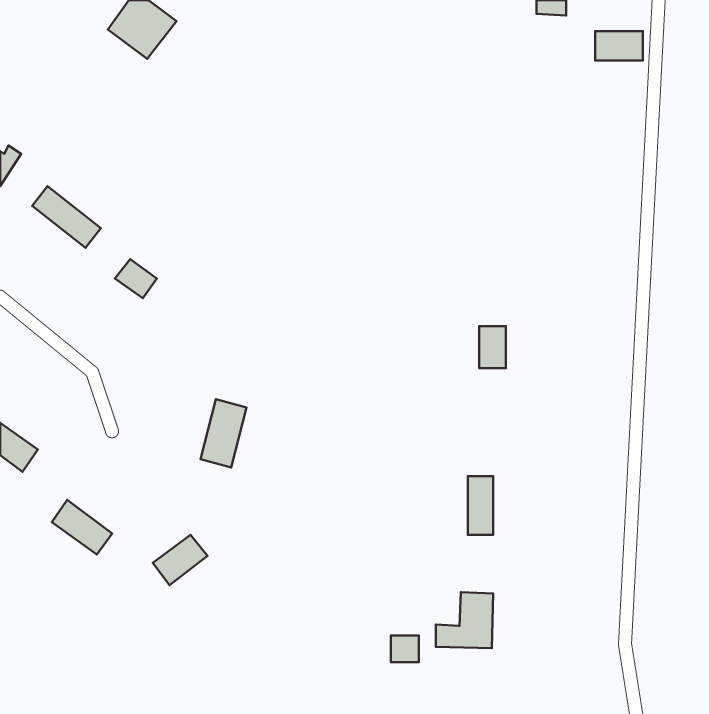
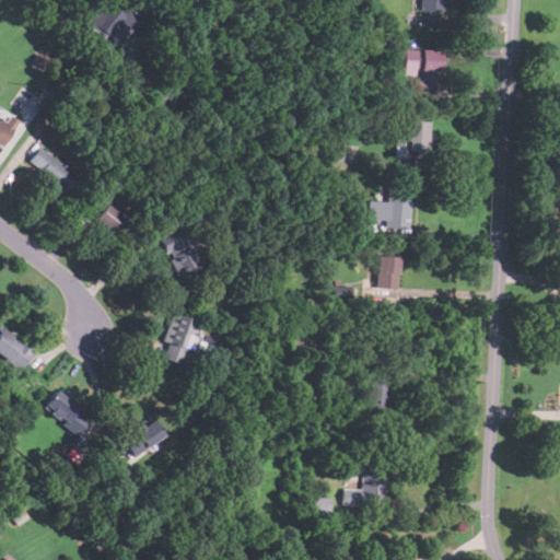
building: [595,31,643,60] -> [408,50,445,73]
building: none -> [409,121,430,152]
building: none -> [373,184,415,233]
building: none -> [162,228,202,278]

